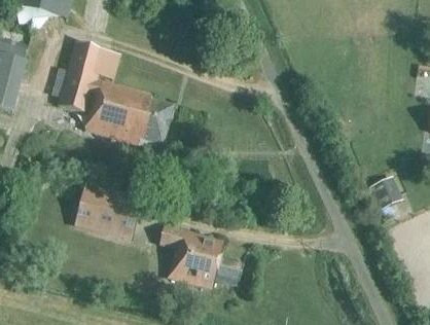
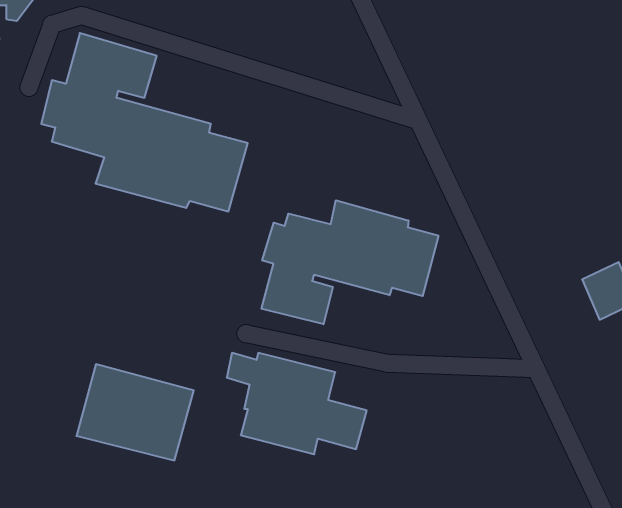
building: none -> [261,200,438,324]
building: [73,183,142,240] -> [76,364,194,460]

